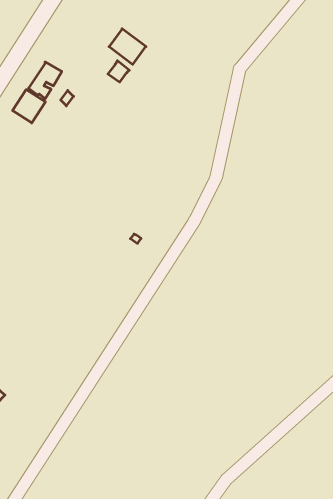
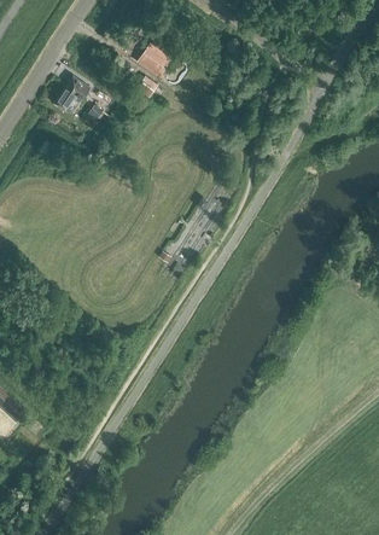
building: [13,90,45,123] -> none

